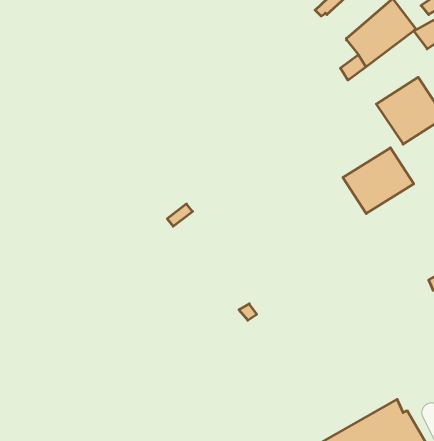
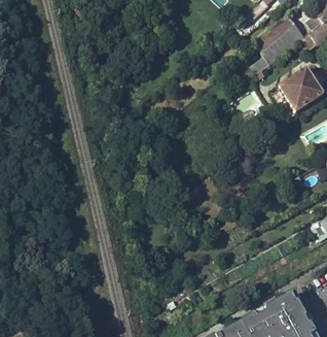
building: [343,148,414,214] -> none

